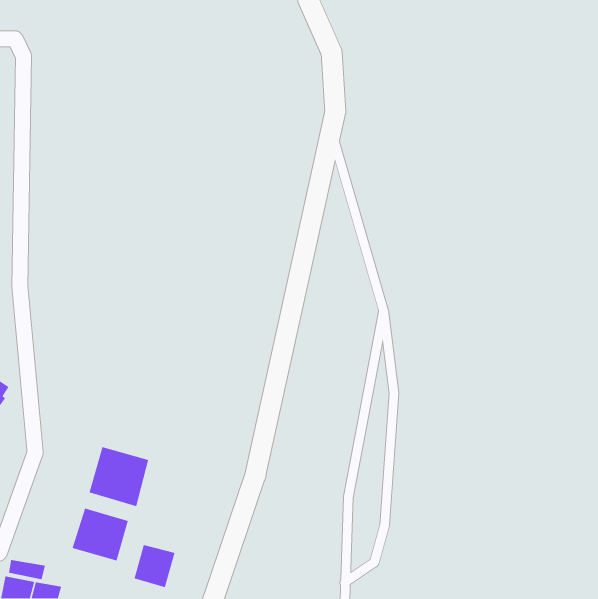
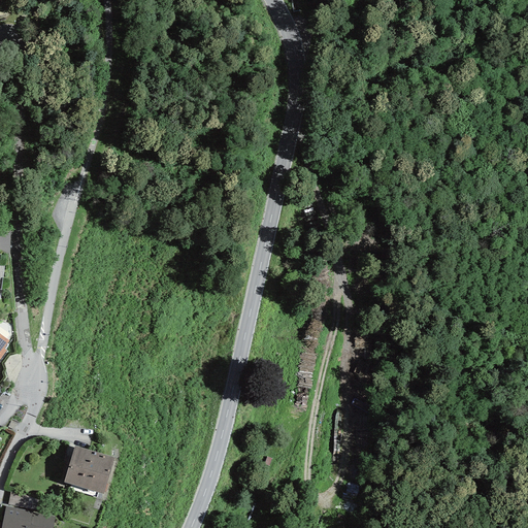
building: [88,446,149,507] -> none
building: [134,544,176,588] -> none

